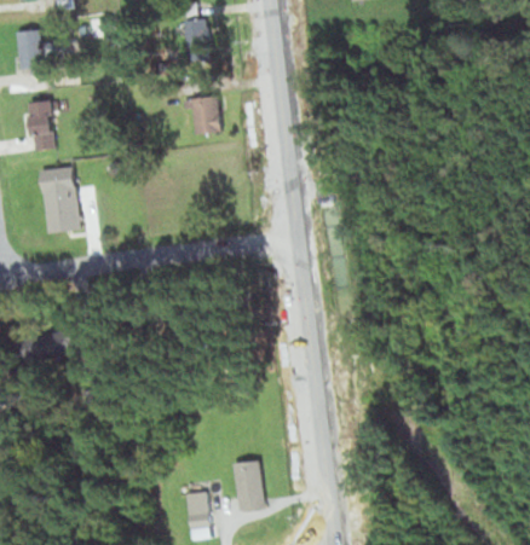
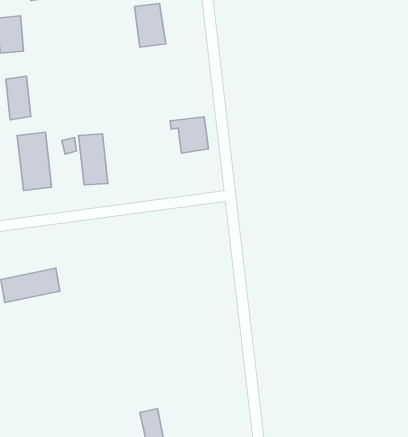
building: [183,92,227,134] -> [170,117,208,153]
building: none -> [78,134,108,185]
building: [232,462,263,510] -> none

